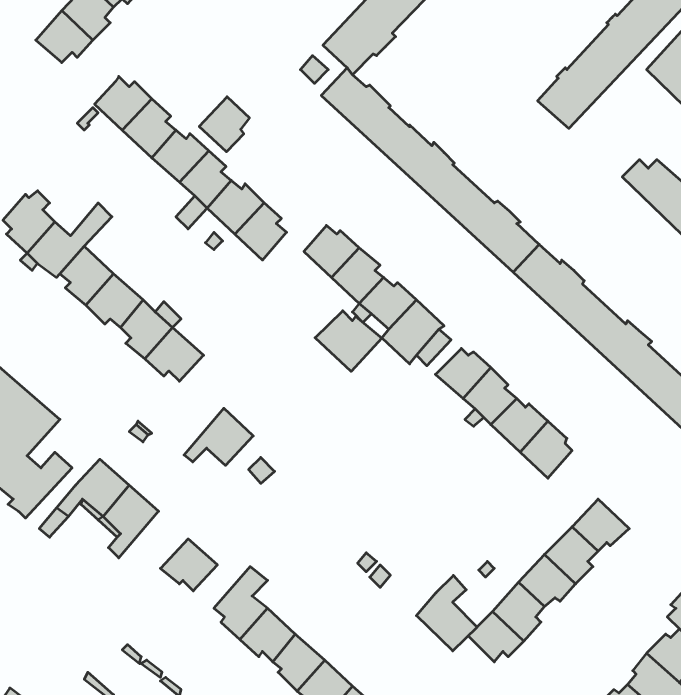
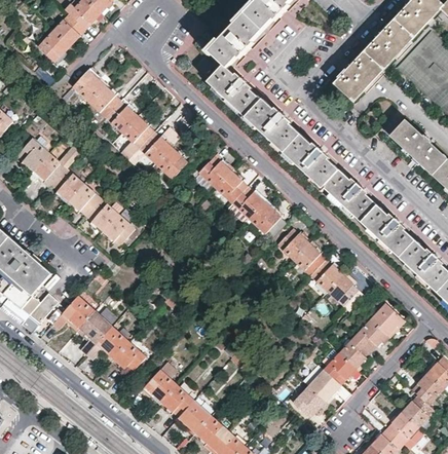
building: [199,97,249,152] -> none
building: [315,311,382,371] -> none
building: [184,408,253,465] -> [86,327,127,361]
building: none -> [371,304,400,337]
building: [416,575,477,651] -> none

